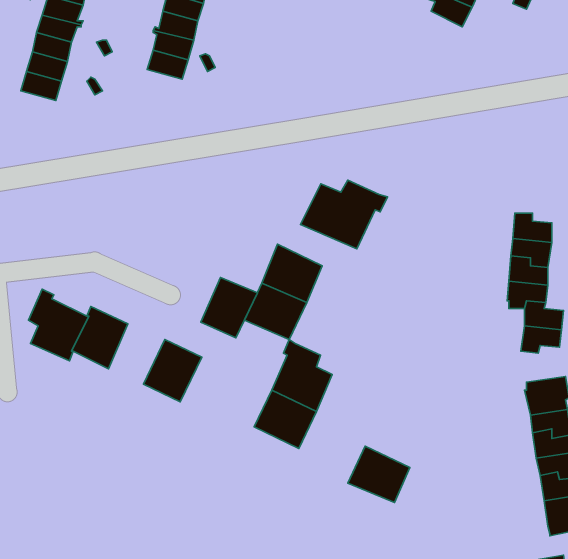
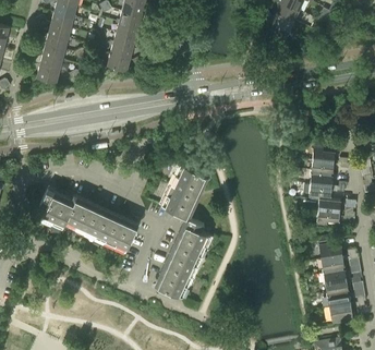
building: [301,180,388,249] -> none
building: [201,277,257,338] -> [85,208,117,242]
building: [348,446,410,502] -> [157,266,192,298]

